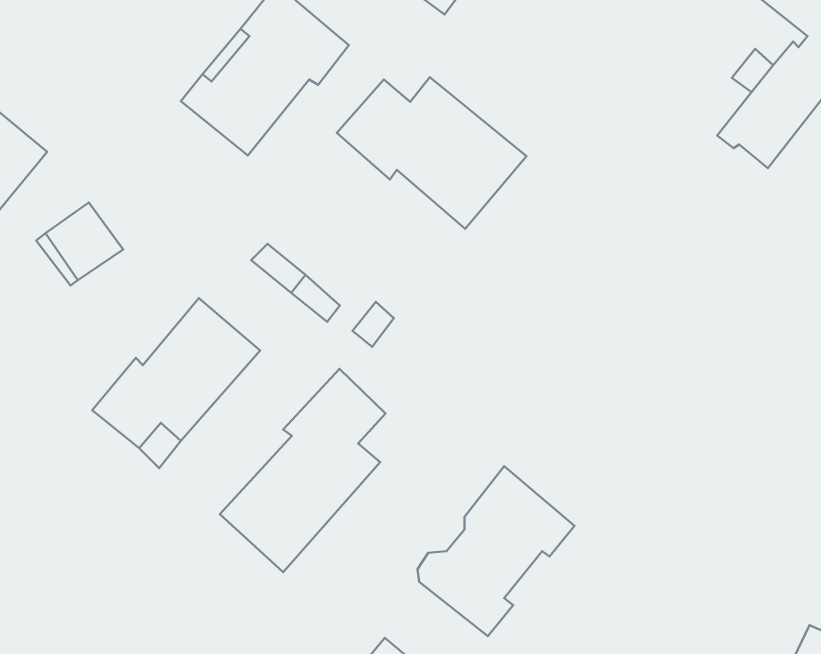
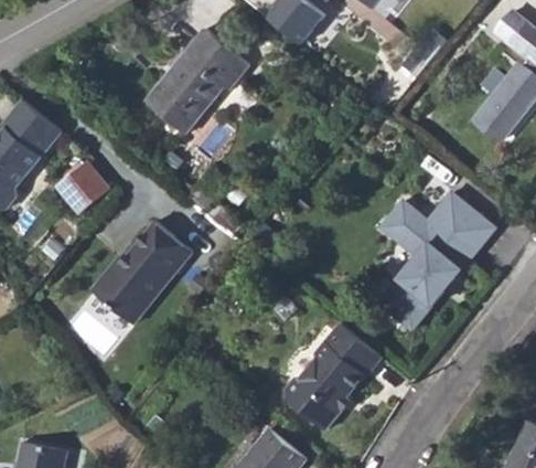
building: [337,77,526,229] -> none
building: none -> [377,189,497,330]
building: [220,369,385,572] -> none

